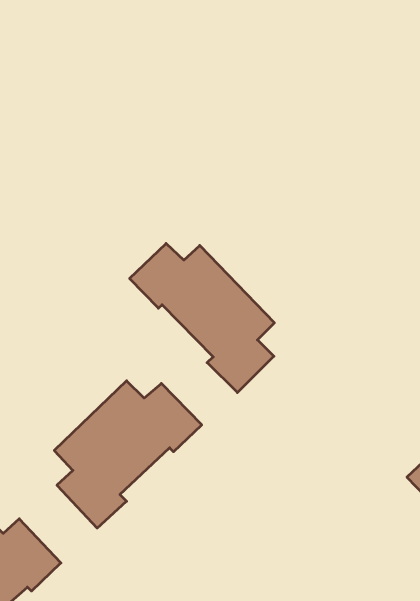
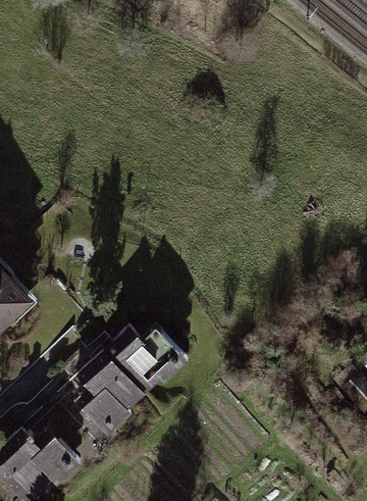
building: [130,243,274,393] -> none

